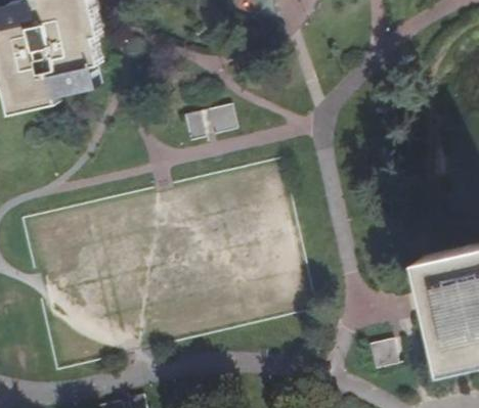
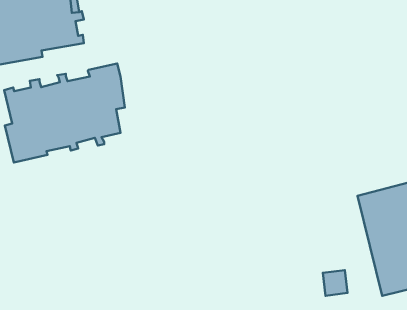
building: [185,108,235,139] -> none
building: none -> [4,64,125,163]

